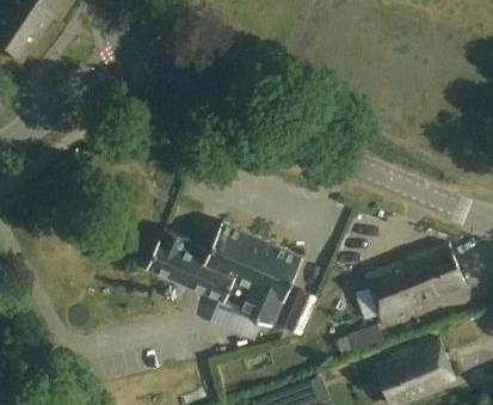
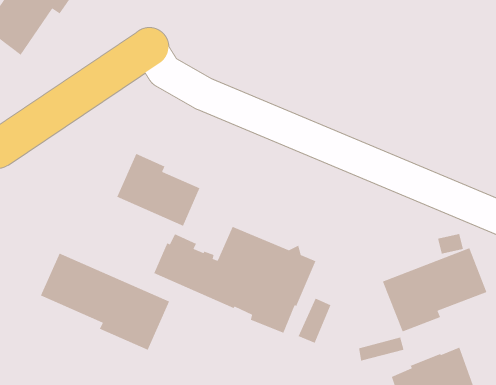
building: none -> [116,153,201,227]
building: none -> [40,252,170,351]

